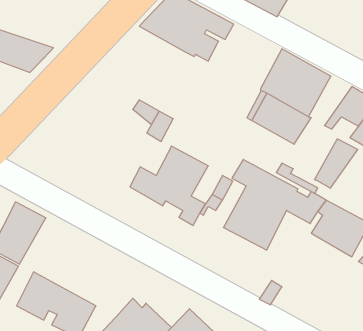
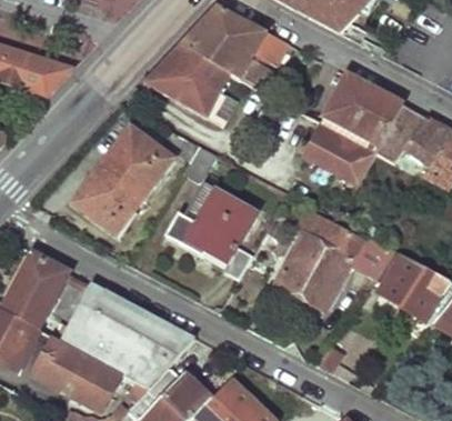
building: none -> [141,47,230,119]
building: none -> [74,127,173,233]
building: [314,139,358,188] -> [375,106,426,163]
building: none -> [52,282,195,389]

